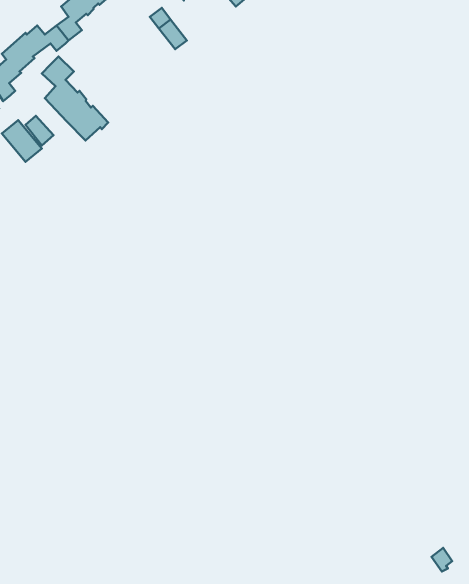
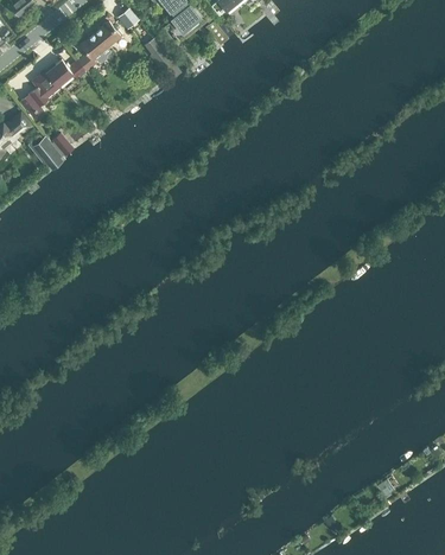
building: [42,57,108,141] -> none

